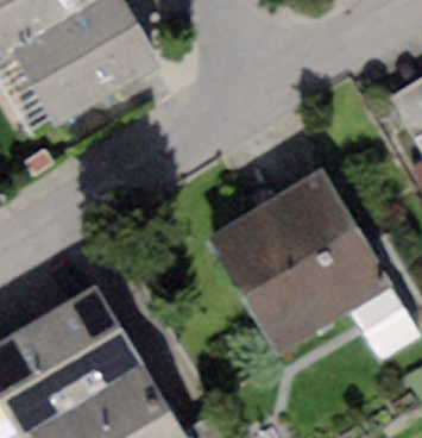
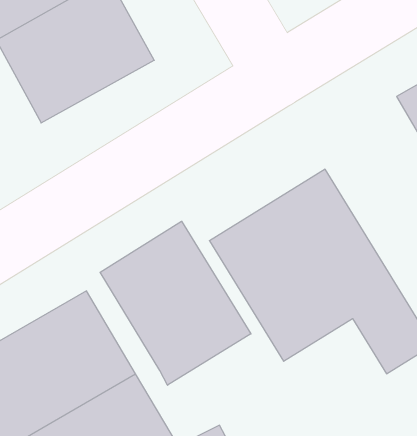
building: none -> [100,221,251,385]

